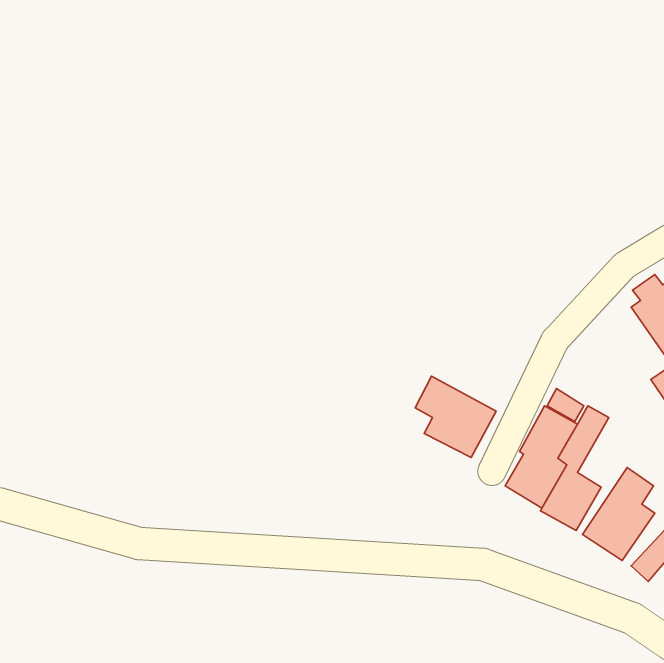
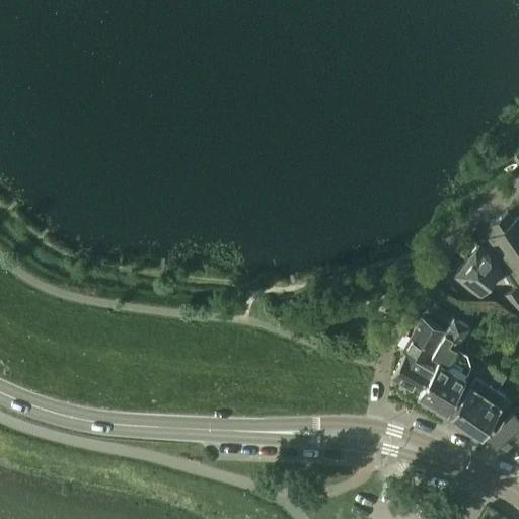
building: none -> [457,249,505,298]
building: [415,376,496,457] -> none

